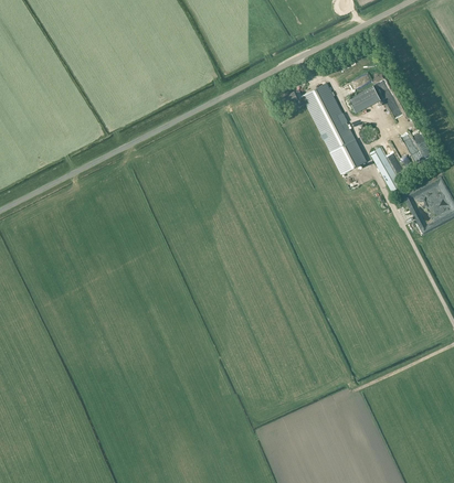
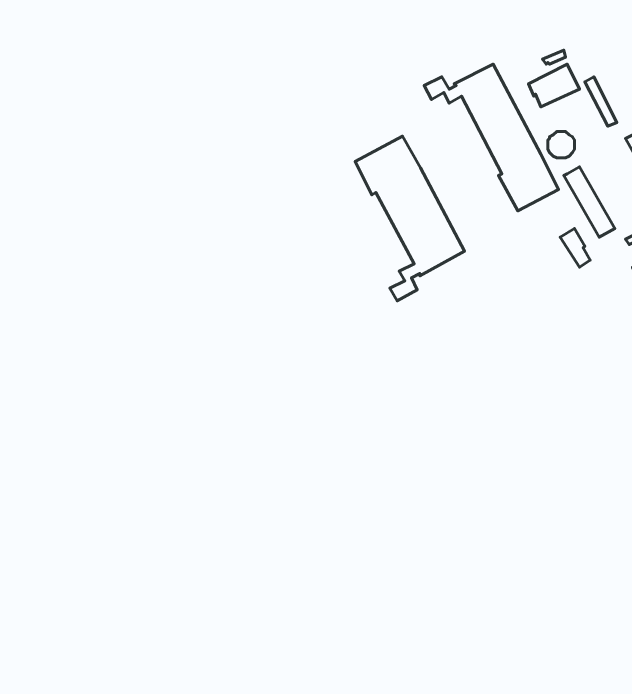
building: none -> [355,136,464,301]

